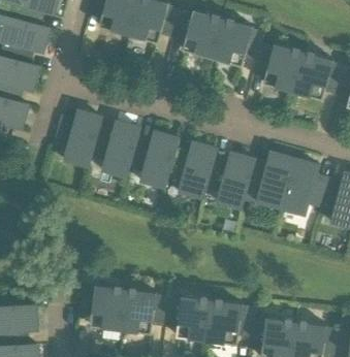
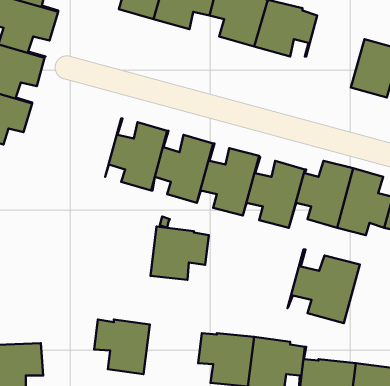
building: [256,32,305,92] -> none
building: [54,110,102,166] -> none
building: none -> [288,249,360,323]
building: [121,289,169,333] -> [150,226,209,280]

